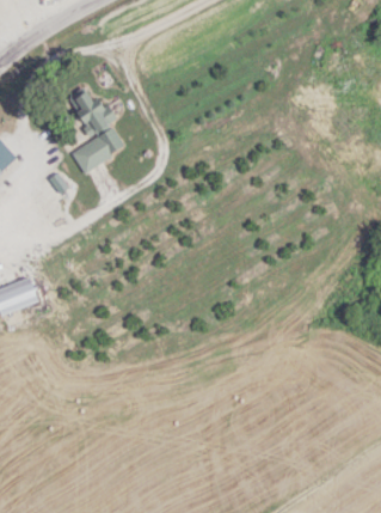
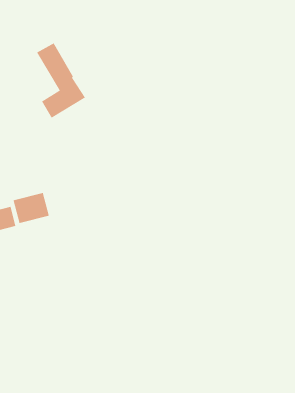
building: none -> [13,192,49,224]

